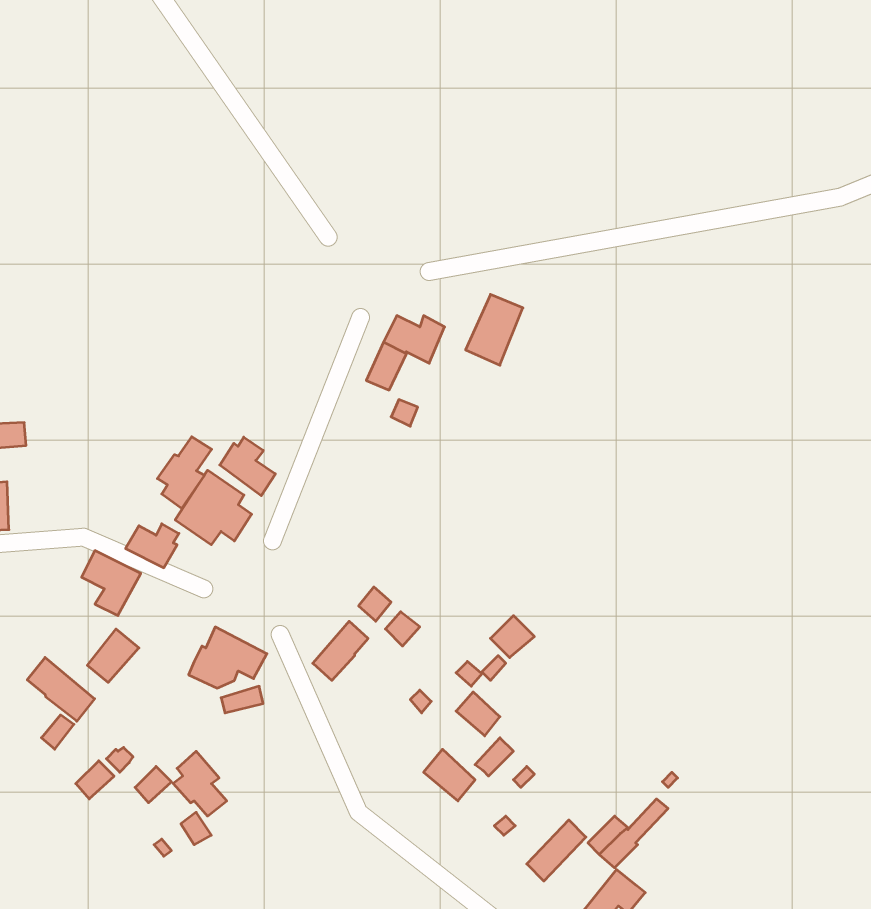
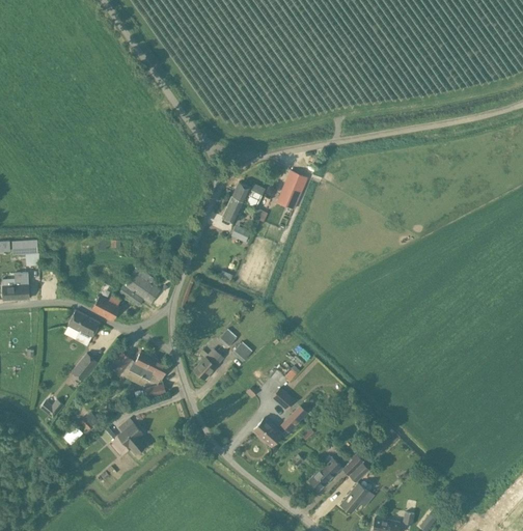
building: [157,437,212,509] -> none
building: [220,437,275,496] -> none
building: [27,657,95,721] -> none

